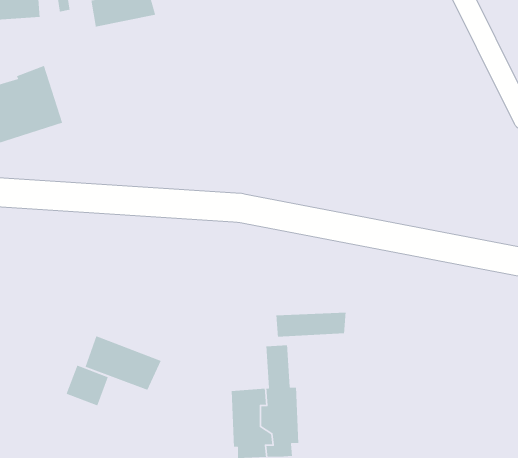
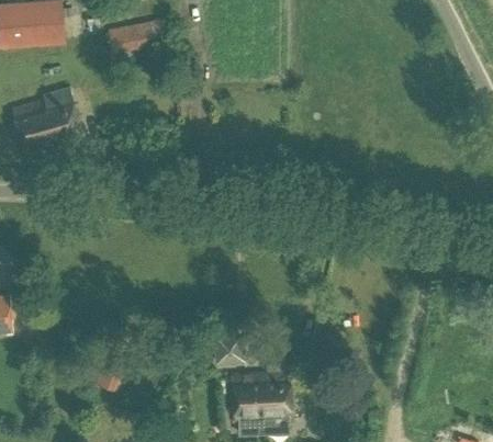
building: [276,312,346,337] -> none
building: [84,335,162,391] -> none
building: none -> [212,330,246,364]

